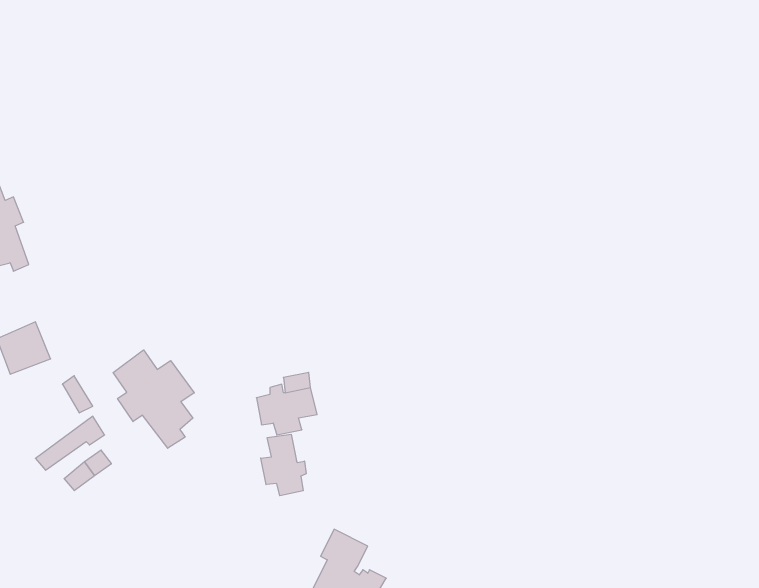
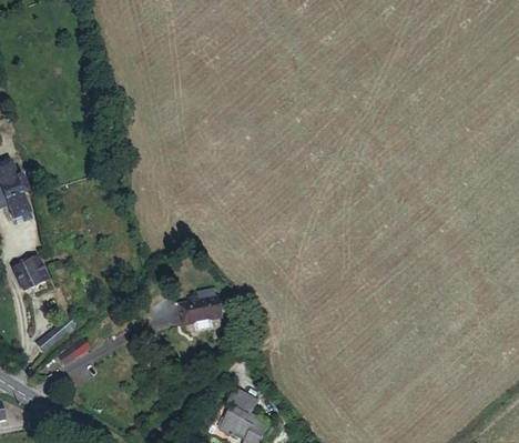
building: [113,350,194,448] -> none
building: [261,434,306,496] -> none

